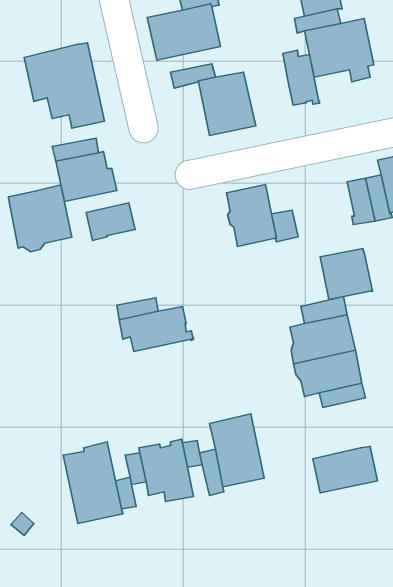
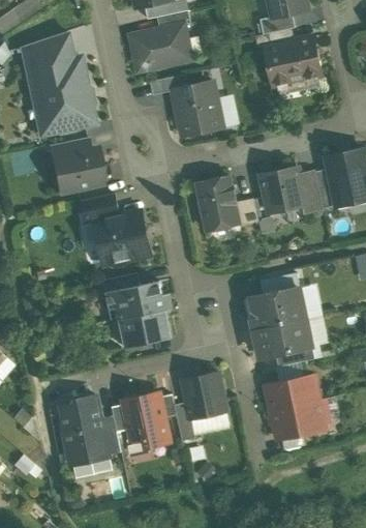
building: none -> [21,32,70,69]
building: [283,50,320,105] -> none
building: [8,185,72,252] -> [95,210,149,267]
building: [320,248,373,300] -> [261,168,305,211]
building: none -> [118,309,173,348]
building: none -> [265,378,310,410]

